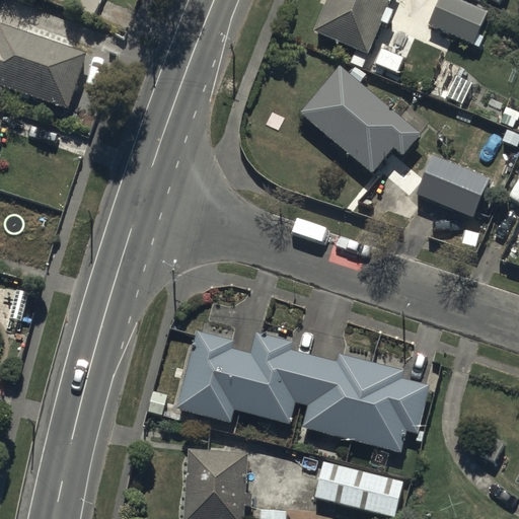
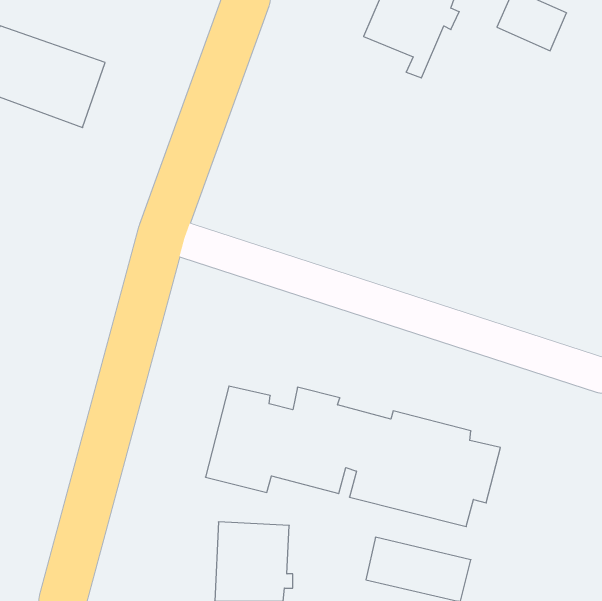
building: [299,64,422,173] -> none
building: [415,152,488,214] -> none

